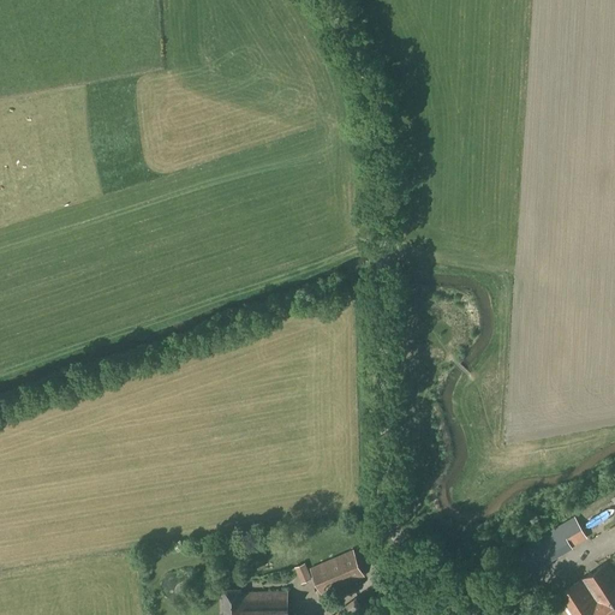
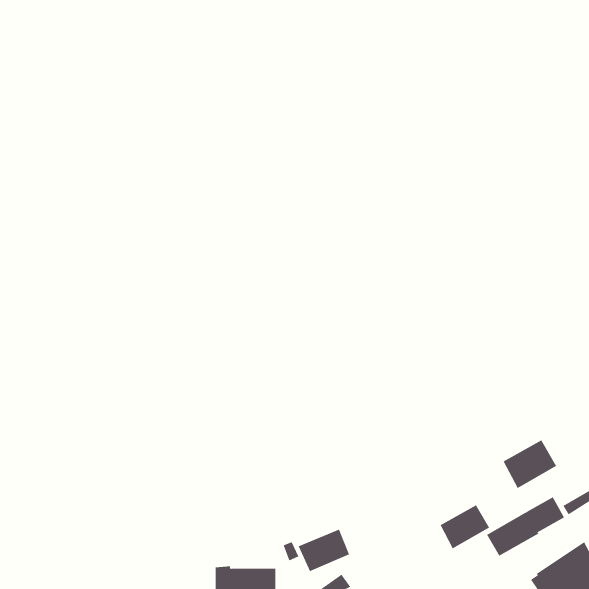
building: none -> [503,440,557,489]
building: none -> [440,504,490,549]

